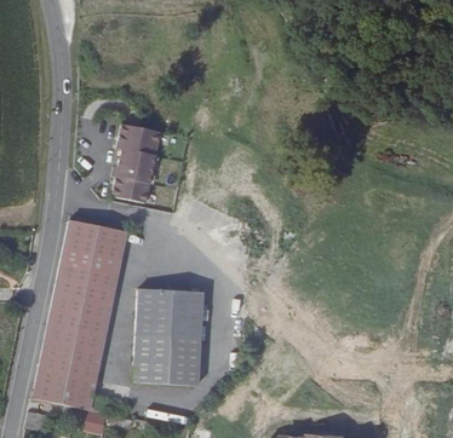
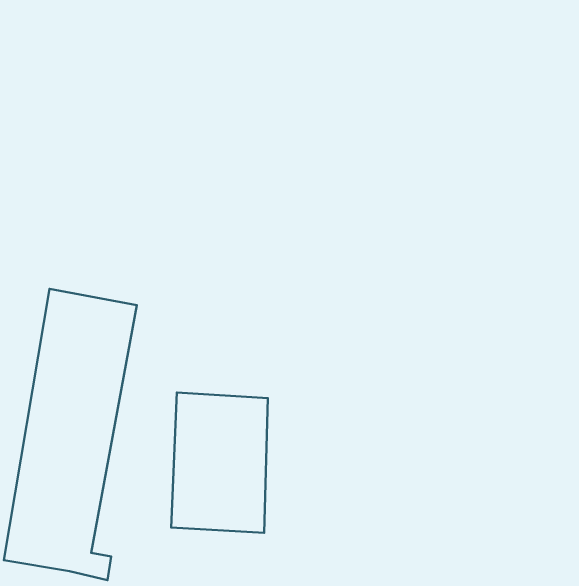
building: [109,123,156,202] -> none

